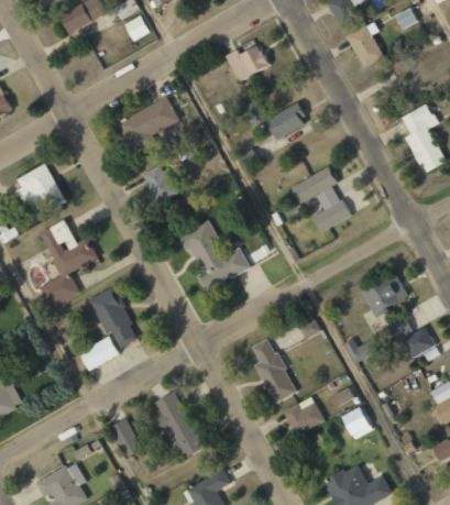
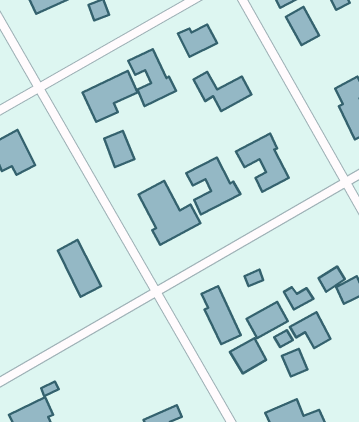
building: none -> [128,49,176,106]
building: none -> [186,158,240,214]
building: [40,220,98,308] -> none
building: [362,274,409,316] -> none
building: [79,337,119,371] -> none
building: none -> [246,302,288,338]
building: none -> [290,312,330,348]
building: [153,392,204,457] -> none
building: [111,418,143,458] -> none

